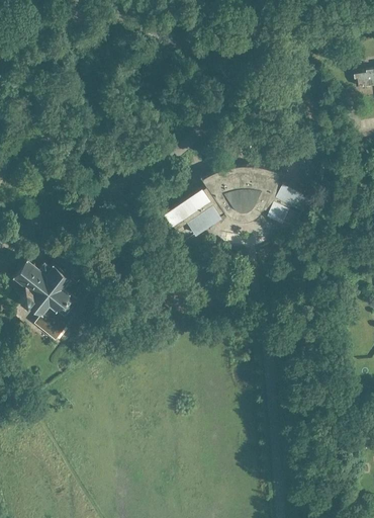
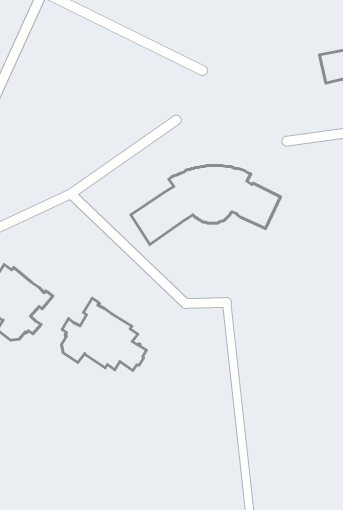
building: none -> [62,298,146,371]

